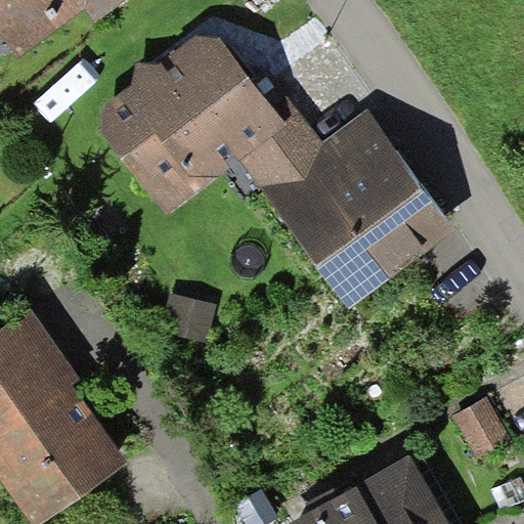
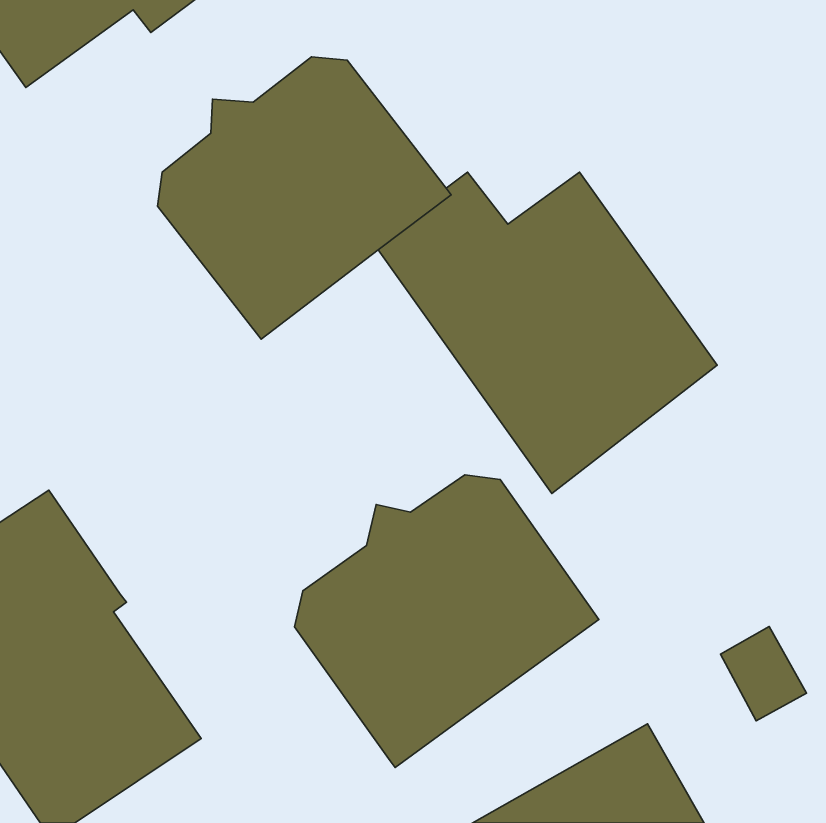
building: none -> [295,475,599,767]

